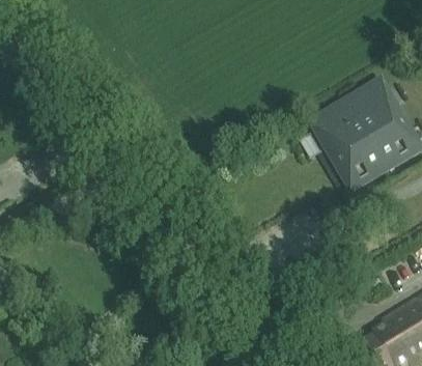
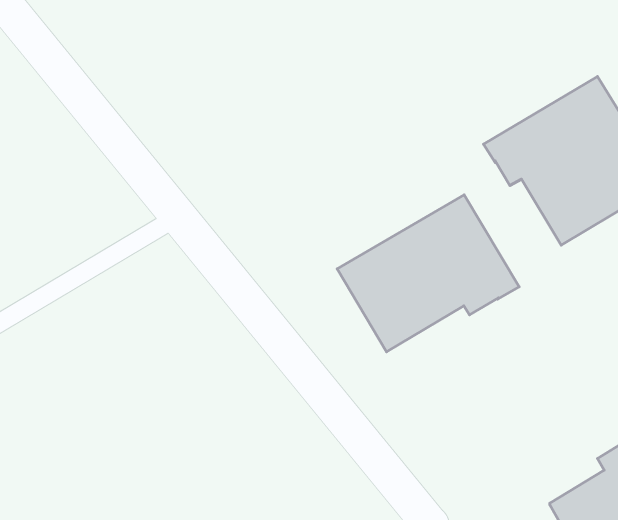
building: none -> [337,195,519,352]

